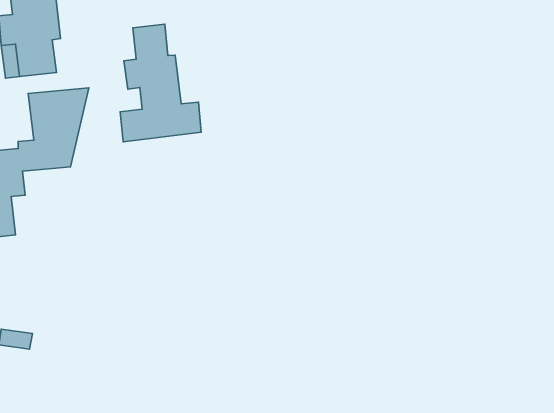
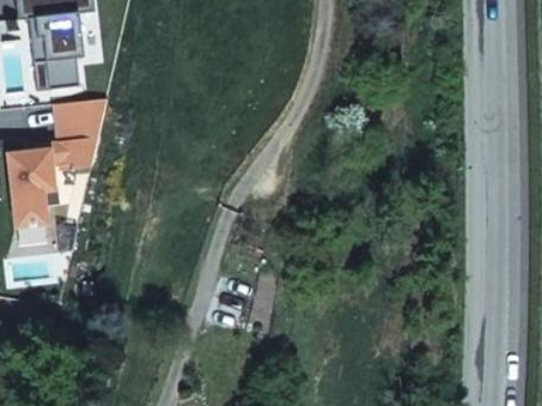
building: [120,24,201,142] -> none

